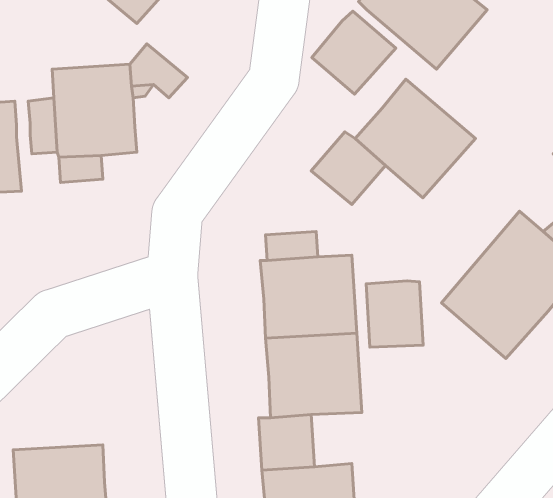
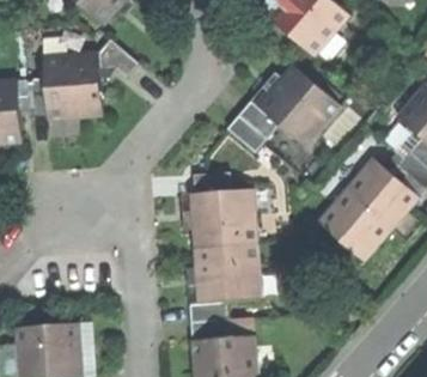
building: [312,11,396,94] -> none
building: [366,281,423,347] -> none

